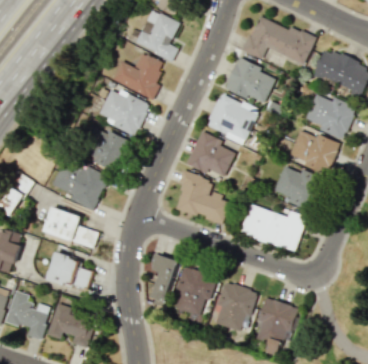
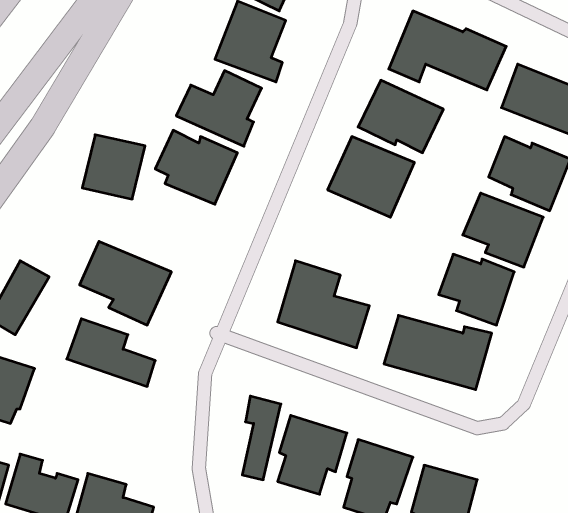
building: [88,130,127,170] -> [82,135,145,199]
building: [185,130,235,176] -> none
building: [47,252,92,291] -> none

